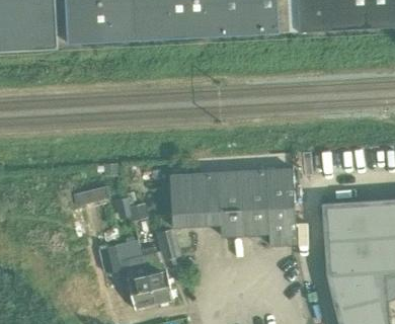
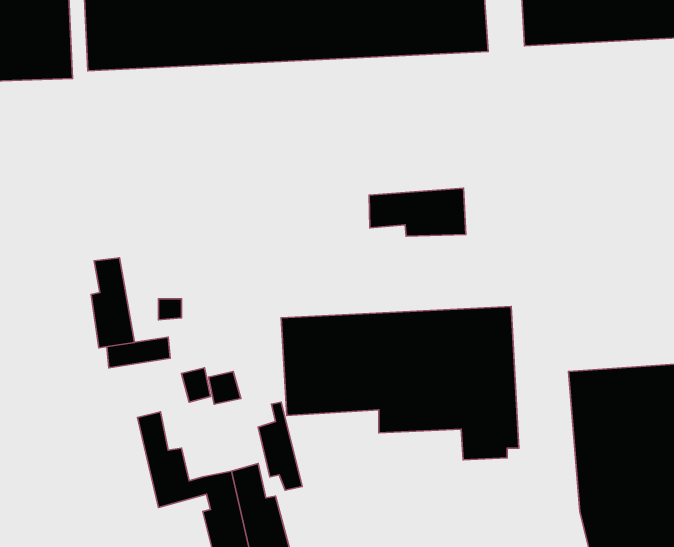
building: none -> [369,188,466,236]
building: none -> [91,258,134,348]

